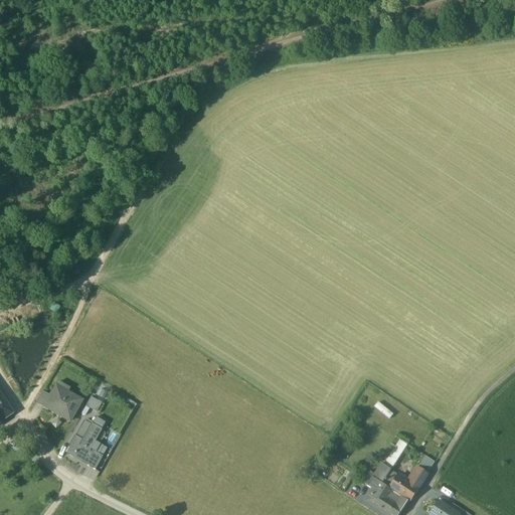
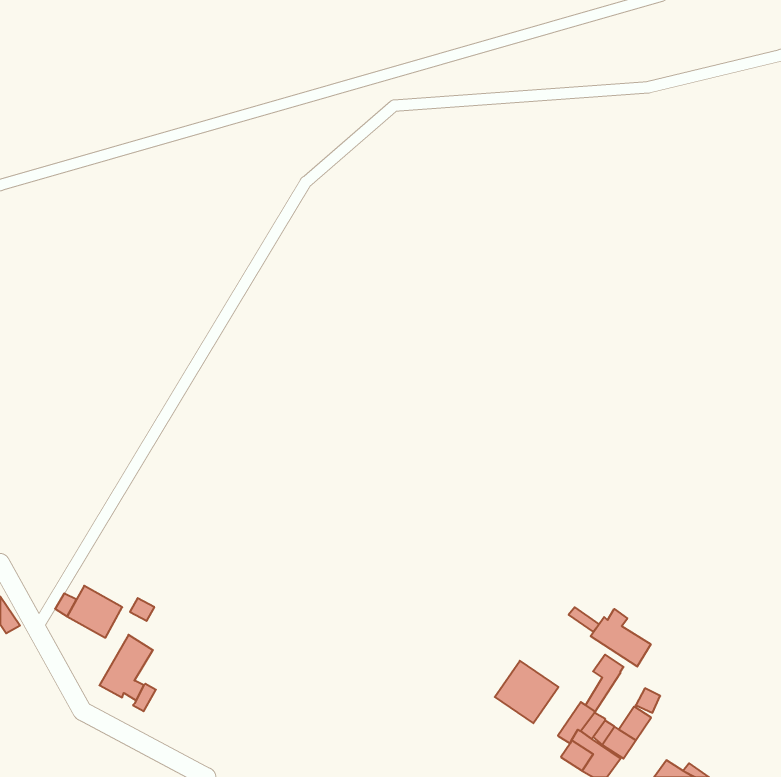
building: none -> [591,609,651,667]
building: none -> [495,661,558,723]

